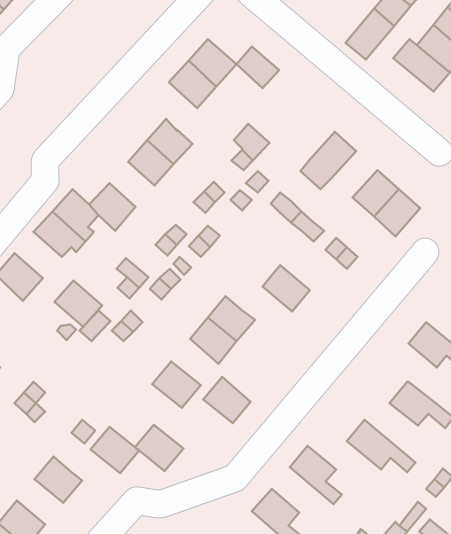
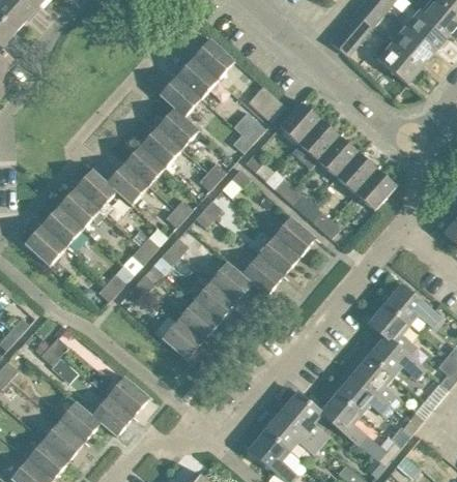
building: [236,46,279,88] -> [249,86,286,122]
building: none -> [160,76,201,118]
building: none -> [281,102,321,143]
building: none -> [318,135,359,176]
building: none -> [124,145,164,184]
building: none -> [274,215,316,257]
building: [55,281,102,327] -> [41,206,83,246]
building: none -> [240,253,284,295]
building: none -> [369,303,416,355]
building: [203,377,251,423] -> [178,299,220,339]
building: none -> [347,350,399,406]
building: [135,425,184,471] -> [91,395,134,435]
building: none -> [315,388,367,445]
building: none -> [266,411,320,452]
building: none -> [44,421,84,460]

